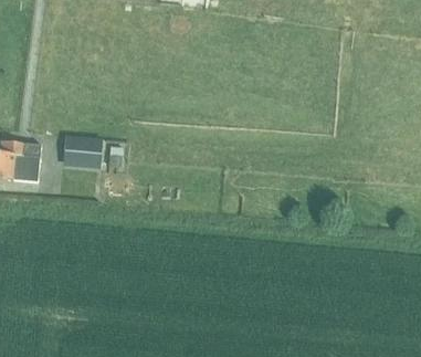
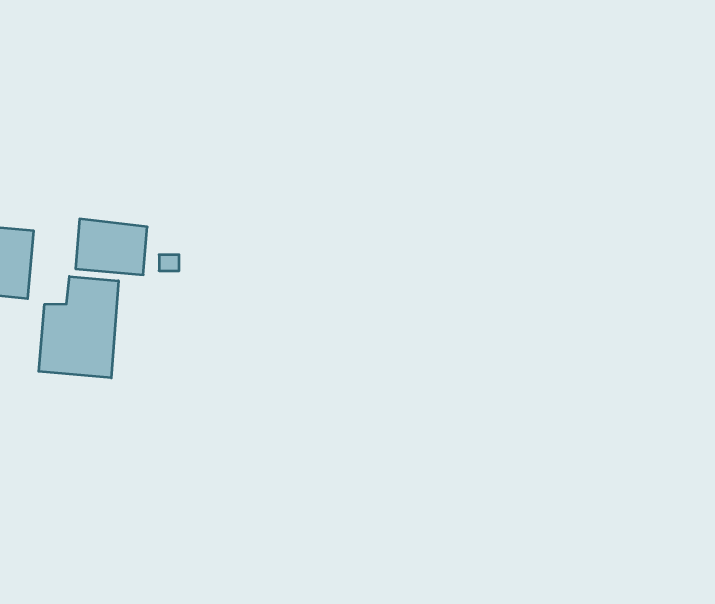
building: none -> [39,276,118,378]

